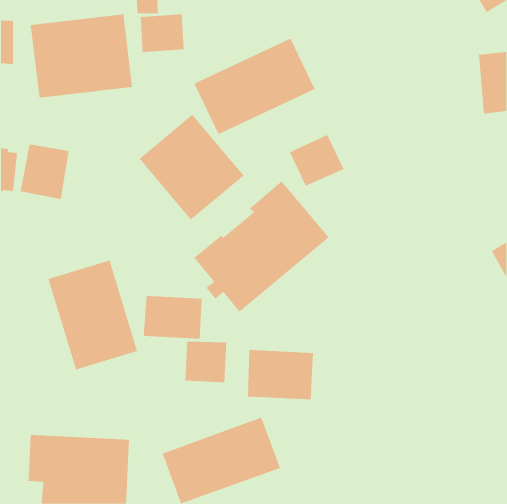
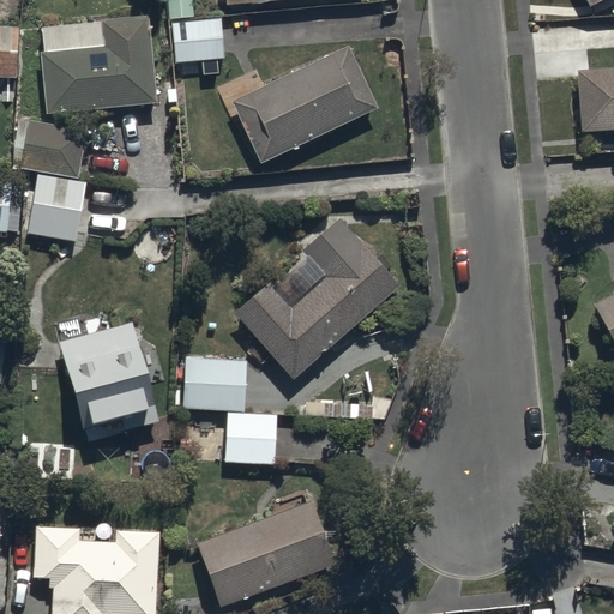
building: none -> [18,120,86,179]
building: [139,114,245,221] -> none
building: [289,134,344,187] -> none
building: [247,349,314,400] -> none

